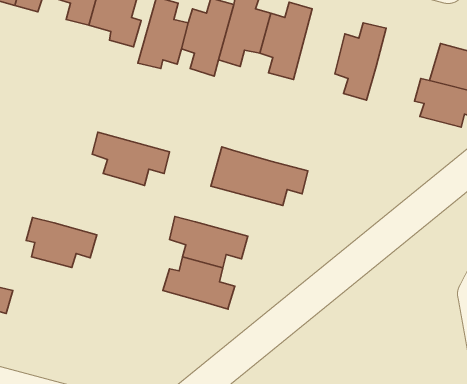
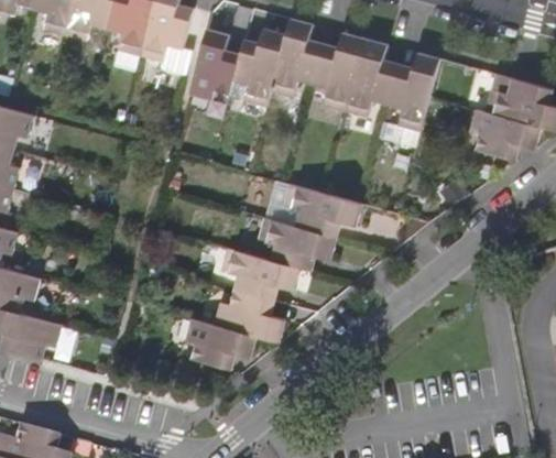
building: none -> [346,39,397,116]
building: [92,132,170,186] -> [257,218,335,272]
building: [26,217,97,268] -> [185,318,257,369]

